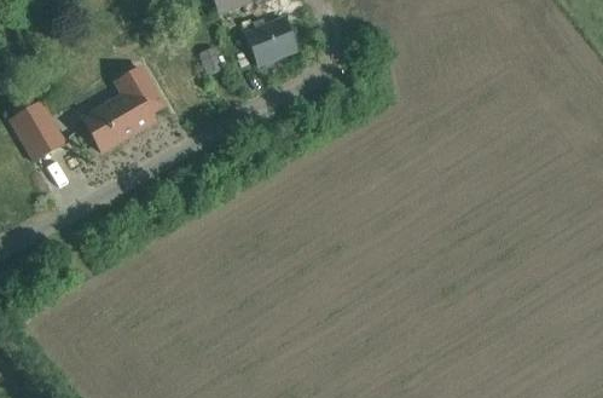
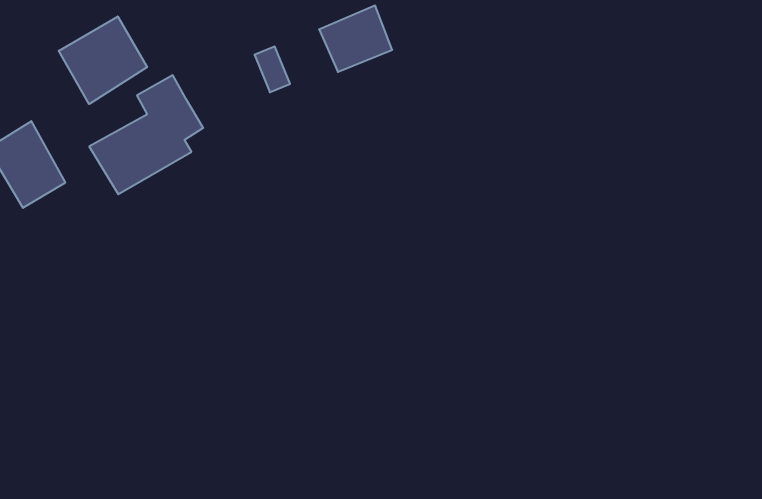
building: none -> [59,16,147,104]

